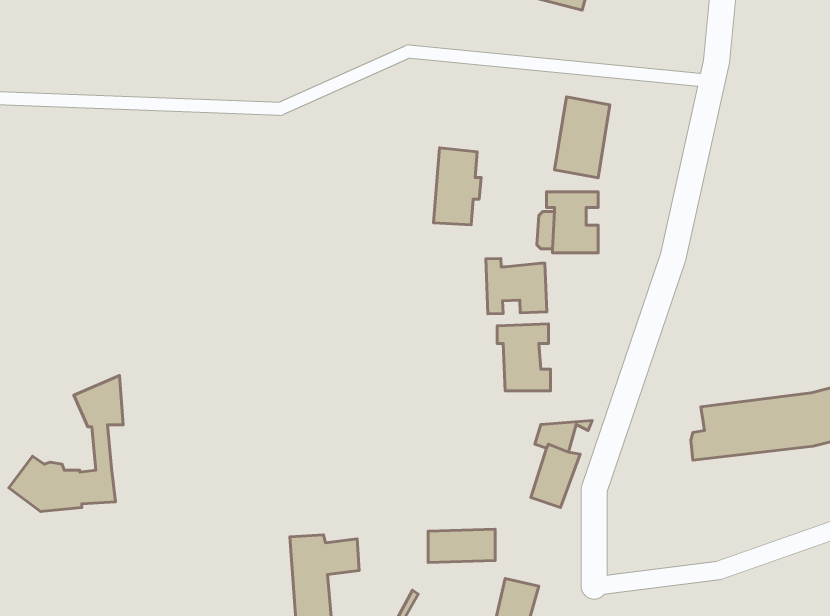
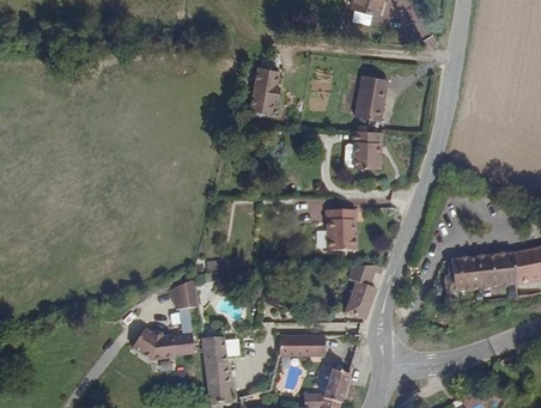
building: [434,148,481,225] -> [247,71,275,117]
building: [486,258,547,314] -> none
building: [9,375,123,512] -> [127,276,196,359]

